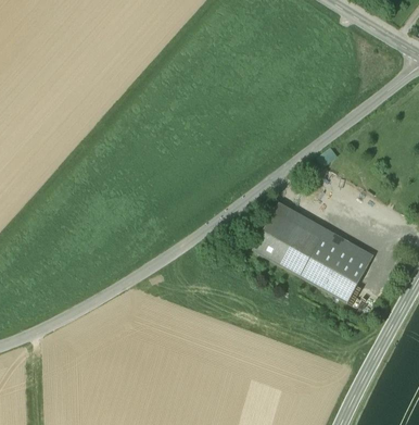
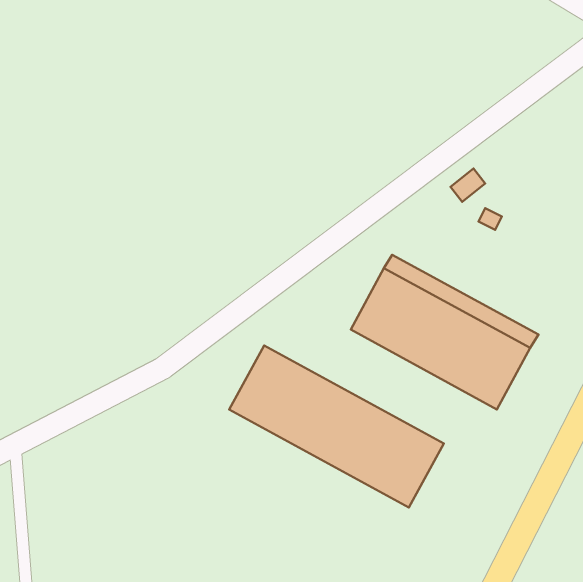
building: none -> [229,346,444,508]

